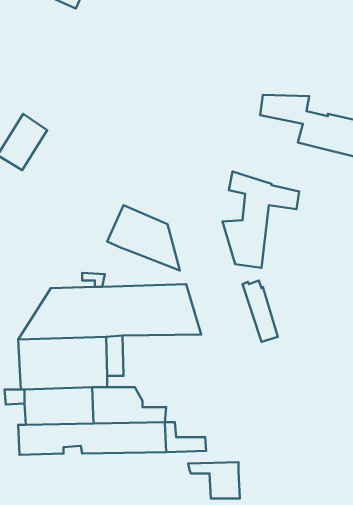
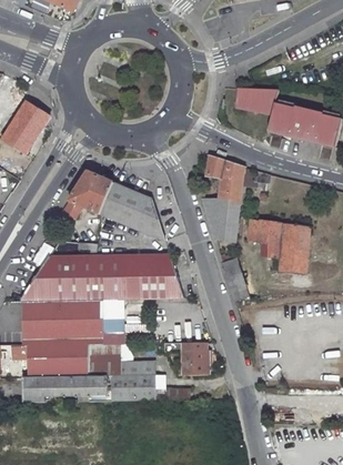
building: none -> [61,173,114,220]
building: none -> [244,219,309,273]
building: [188,462,240,499] -> [161,342,206,374]

